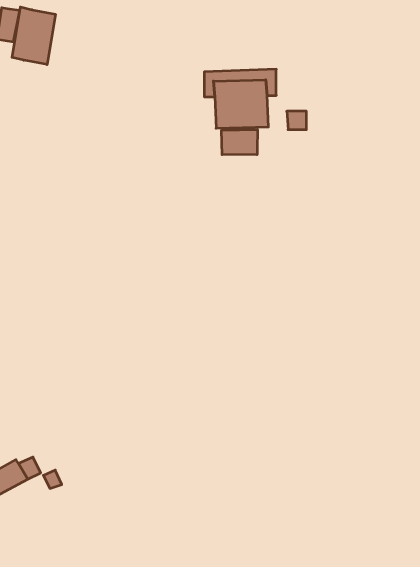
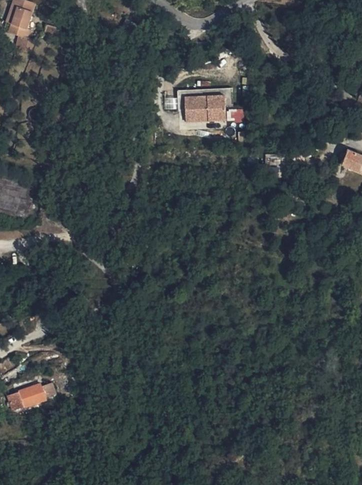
building: [12,7,55,65] -> none
building: [222,129,257,155] -> none

